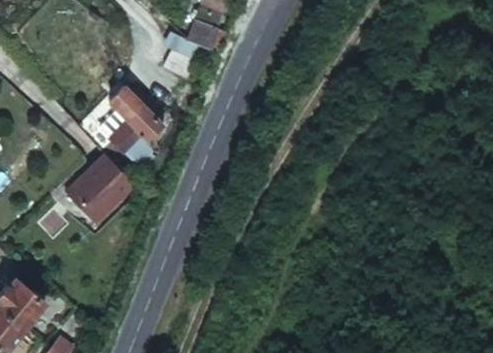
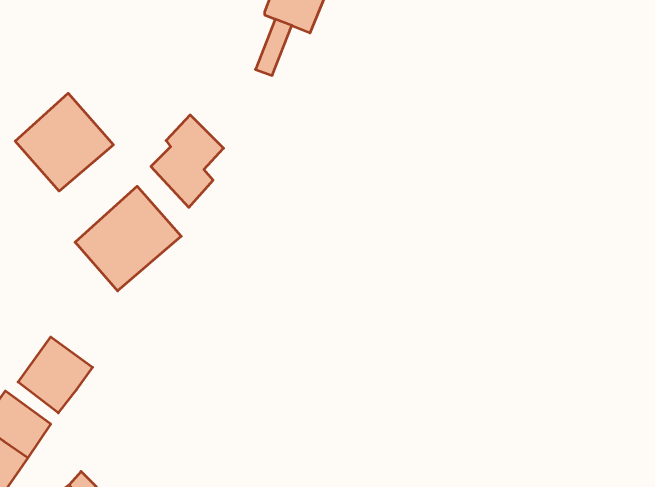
building: none -> [15,93,113,191]
building: none -> [18,337,93,413]

